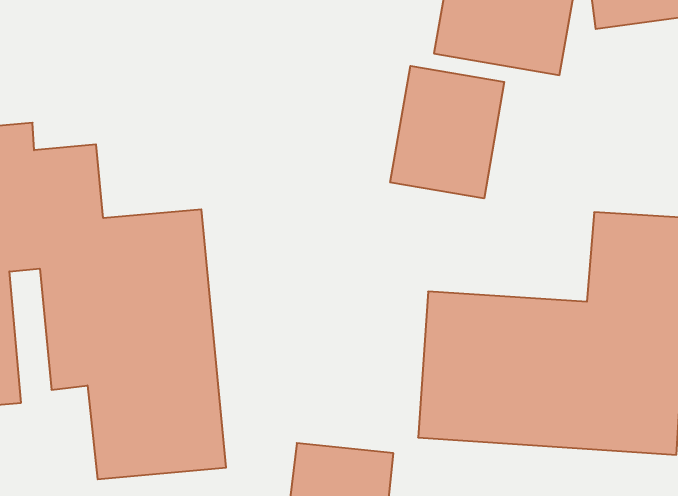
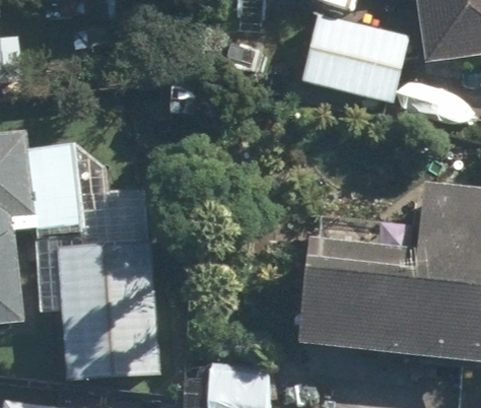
building: [390,66,504,198] -> none

